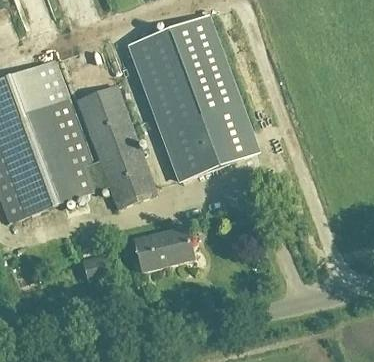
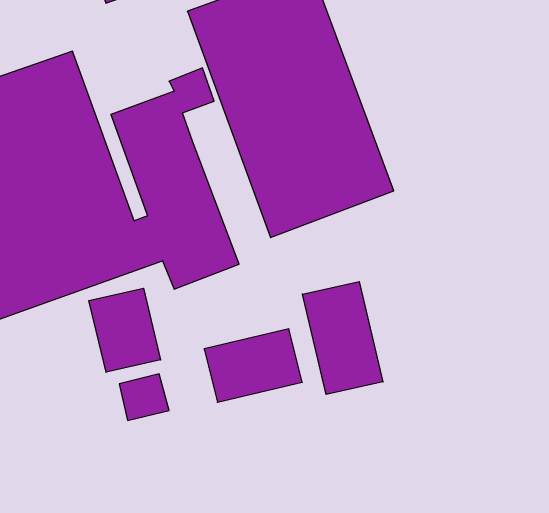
building: none -> [302,282,383,394]
building: none -> [89,288,161,372]

